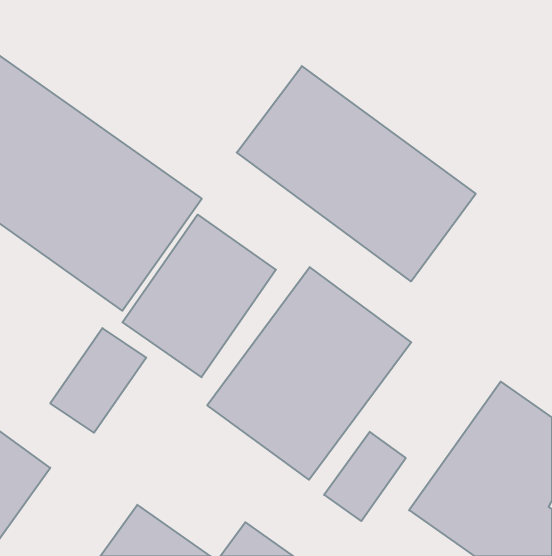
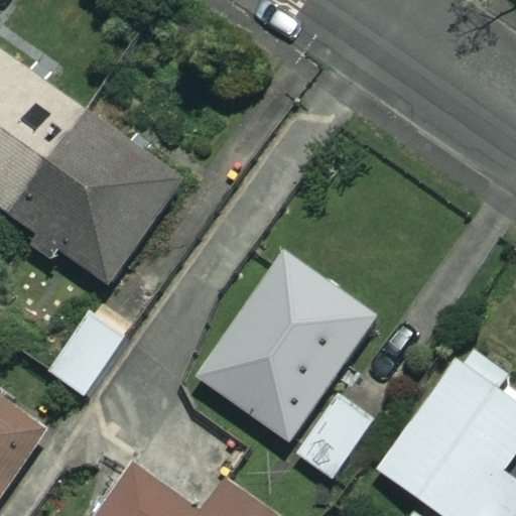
building: [237,66,476,281] -> none
building: [122,215,276,377] -> none

